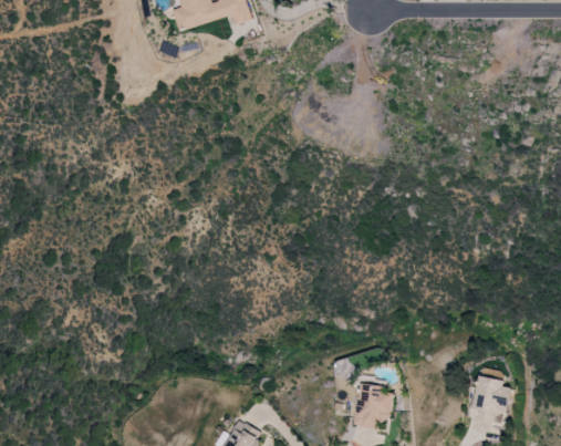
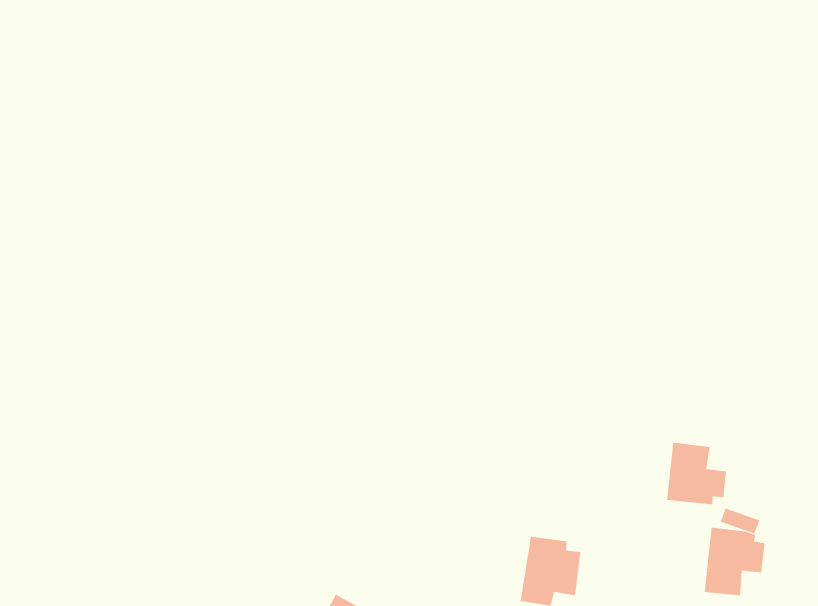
building: none -> [667,442,726,505]

